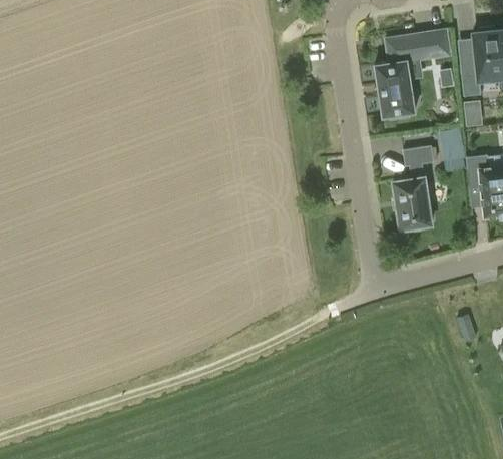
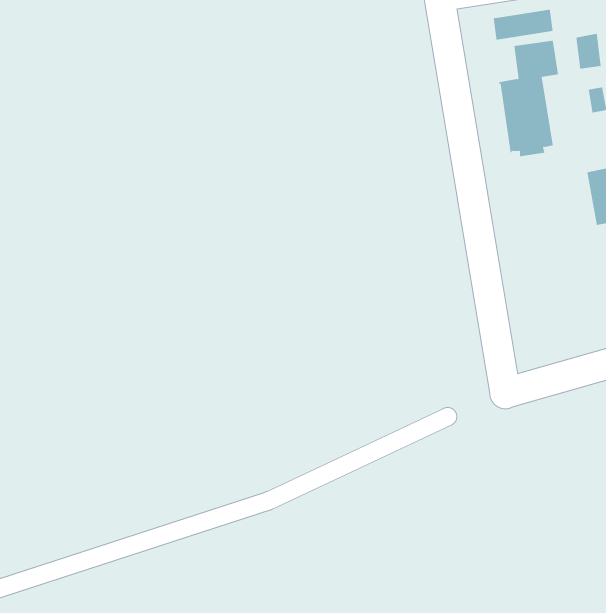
building: none -> [493,9,553,40]
building: [393,147,433,234] -> none

